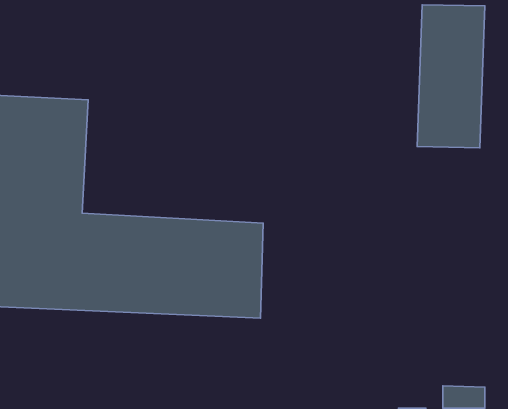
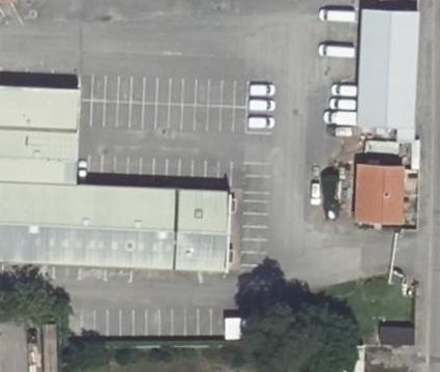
building: none -> [355,166,400,218]

